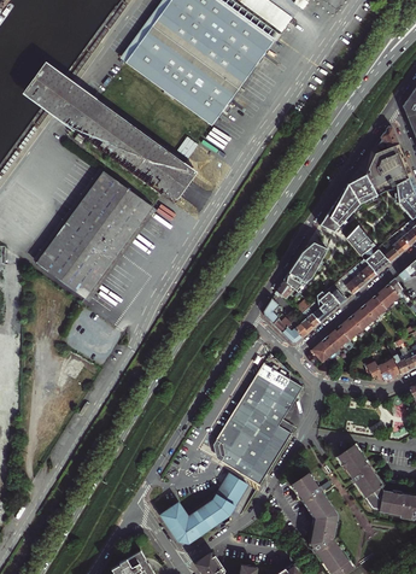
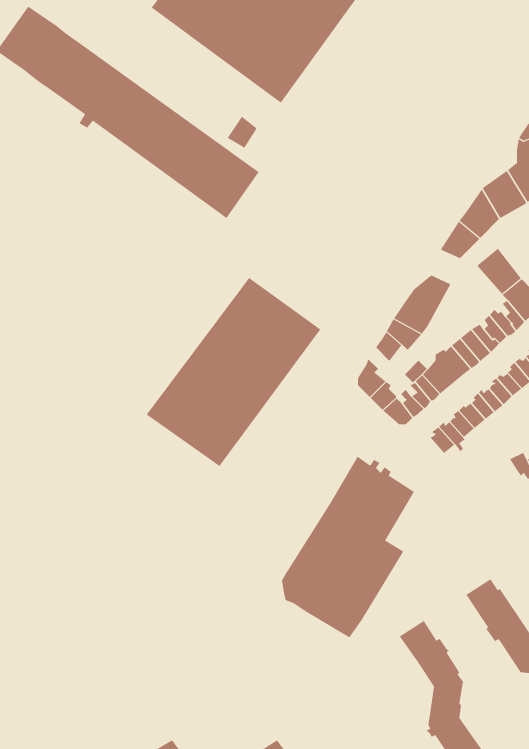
building: [36,172,153,299] -> [146,277,321,467]
building: [162,474,247,543] -> none

